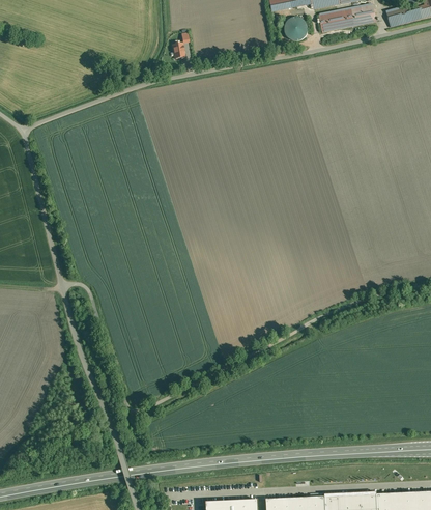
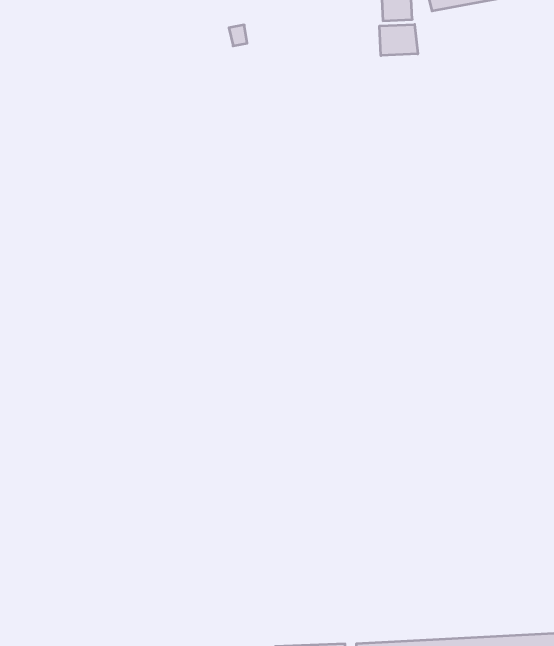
building: none -> [380,24,418,56]

